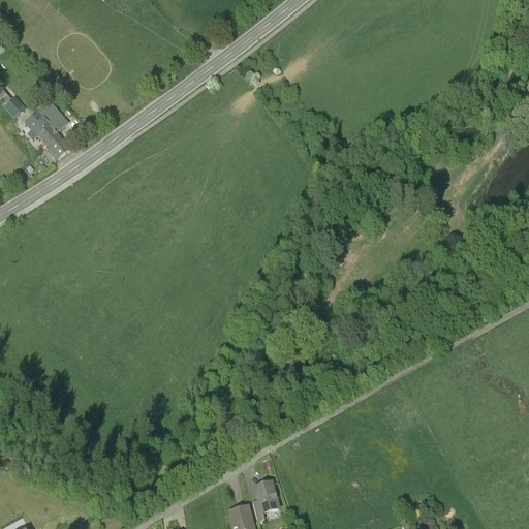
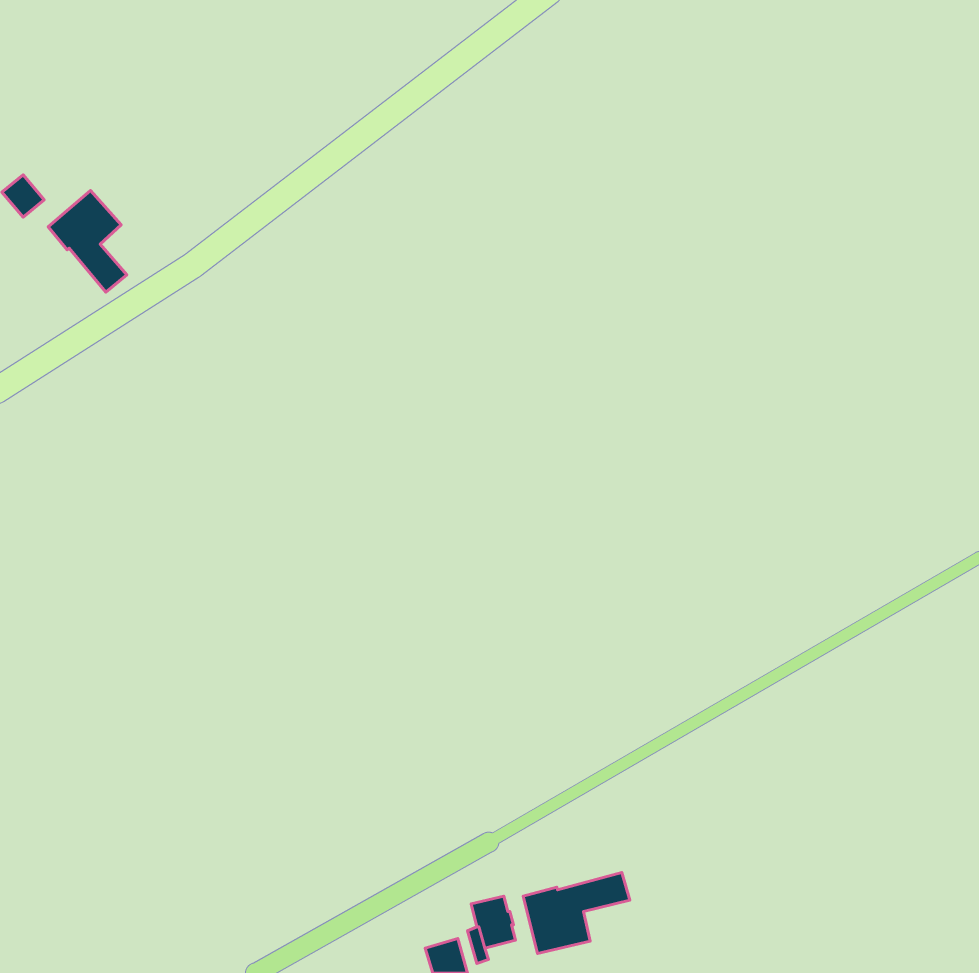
building: none -> [523,872,630,954]

